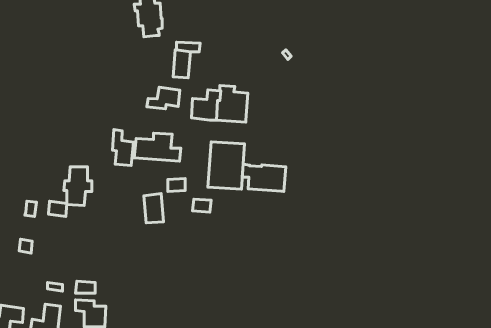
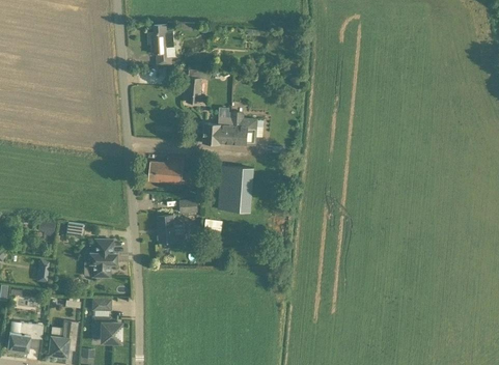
building: [147,87,180,109] -> none
building: [112,130,134,165] -> none
building: [242,164,286,192] -> none
building: [64,167,92,206] -> [88,240,115,277]

